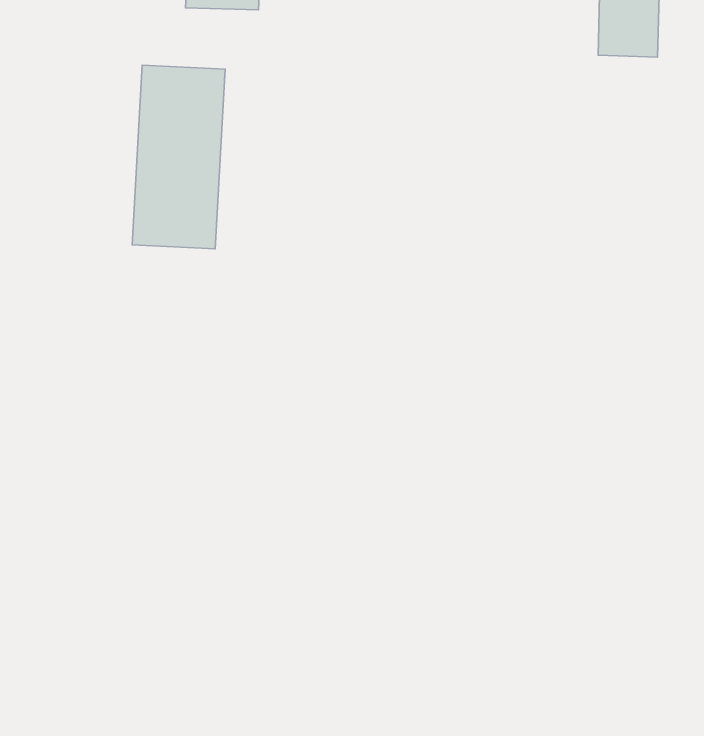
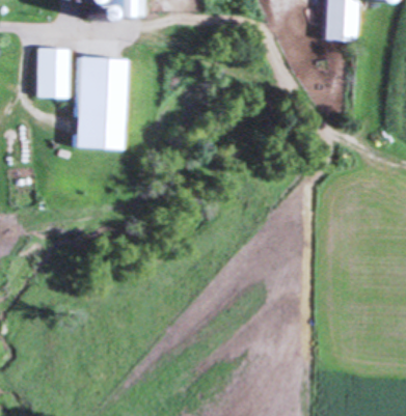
building: none -> [38,47,70,94]

